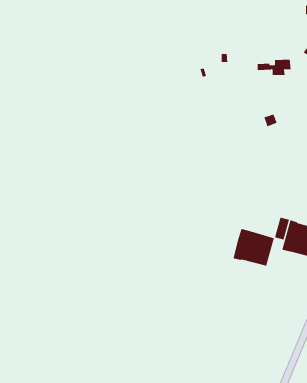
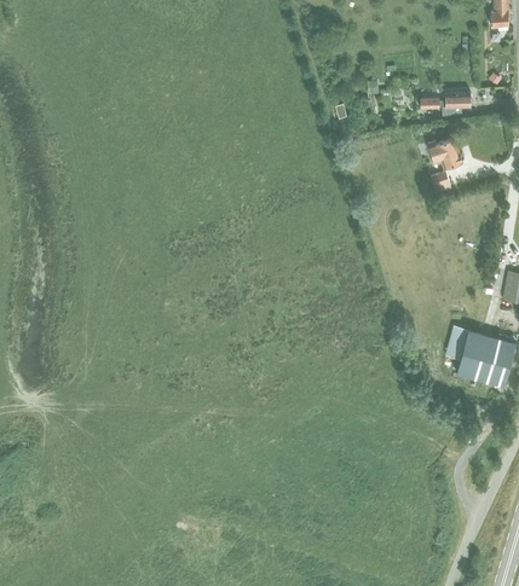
building: none -> [428,139,462,169]
building: [233,228,275,267] -> none

